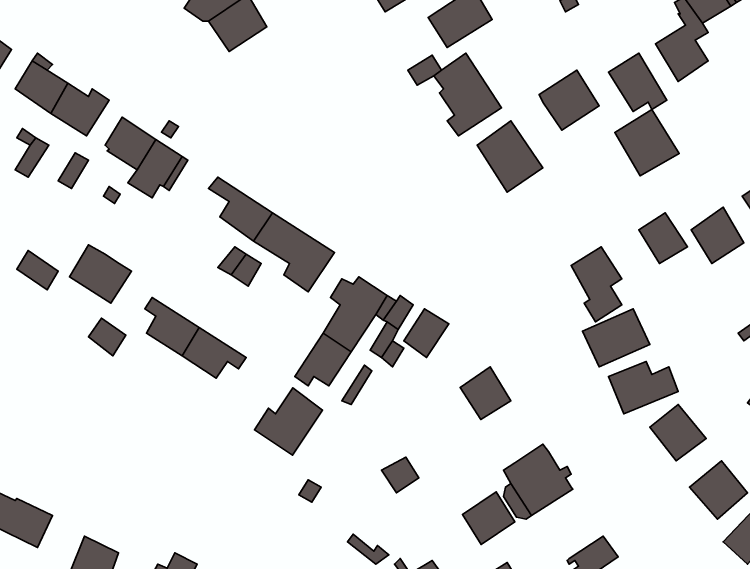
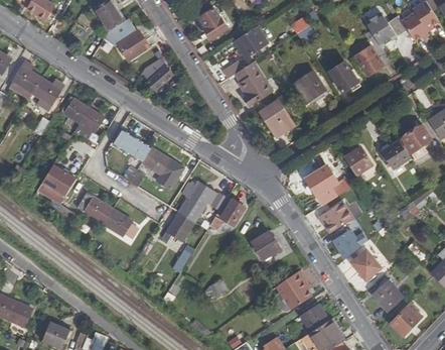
building: none -> [140,57,172,90]
building: [615,110,679,176] -> none
building: [254,388,322,455] -> none
building: [462,492,515,544] -> [299,305,327,333]

